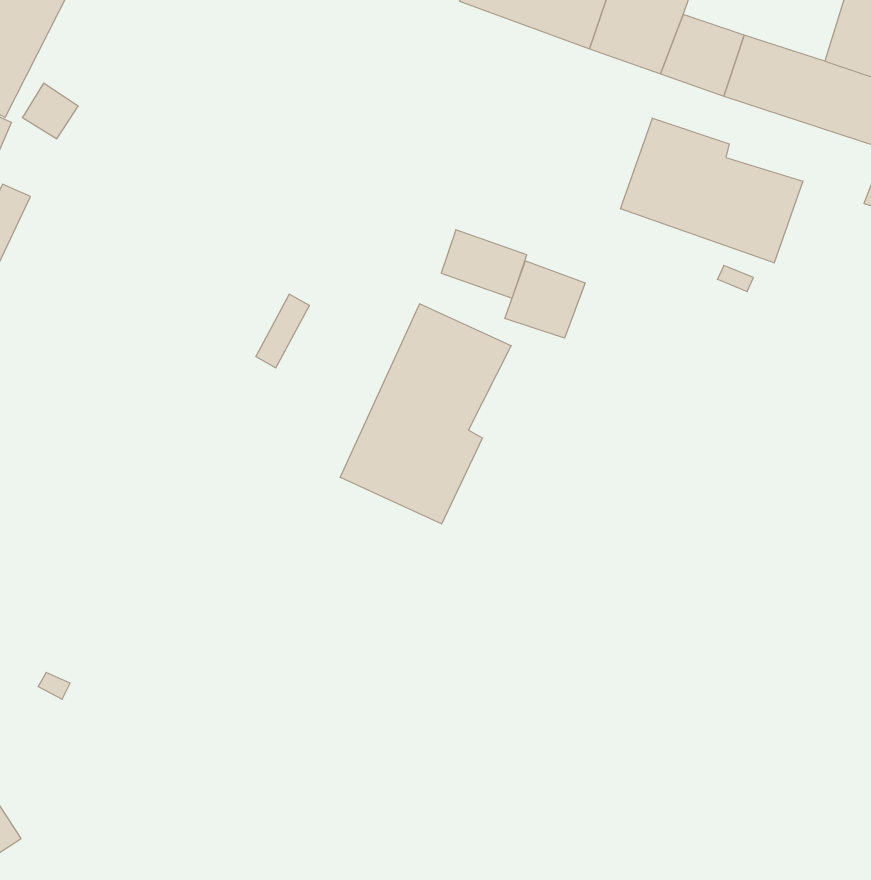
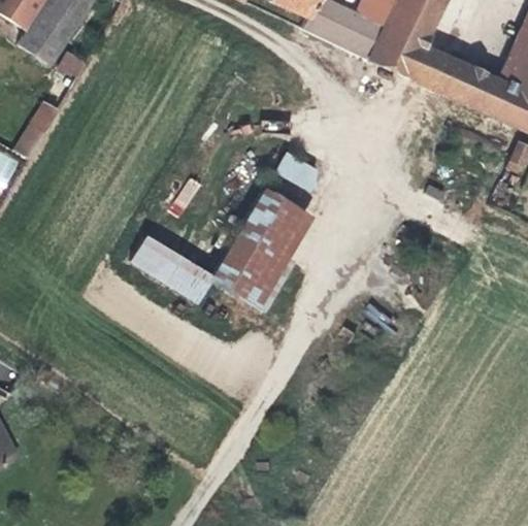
building: [621,118,803,263] -> none
building: [505,261,585,338] -> none
building: none -> [133,236,212,300]

